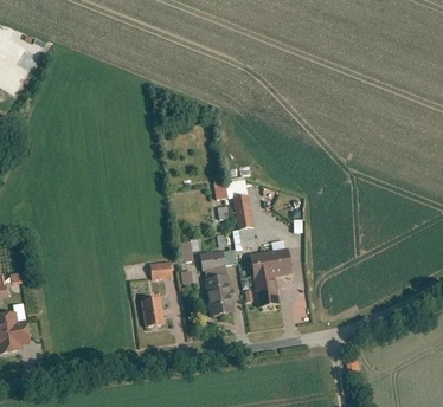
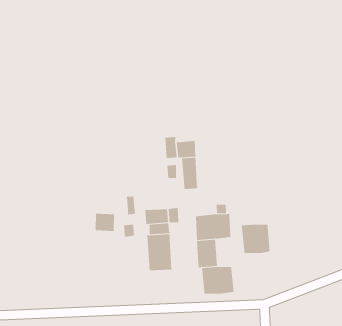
building: none -> [241,224,270,254]
building: [141,297,167,330] -> none
building: none -> [202,266,234,295]

